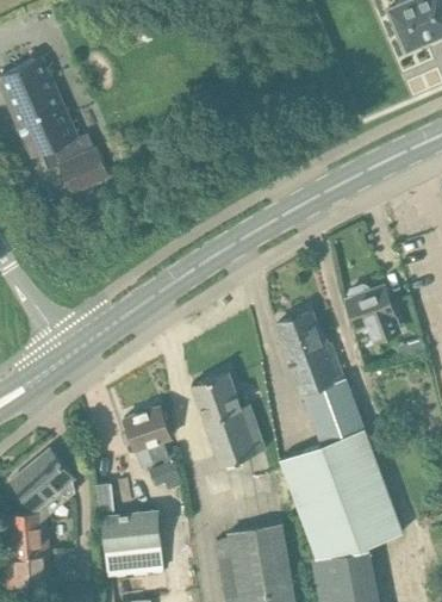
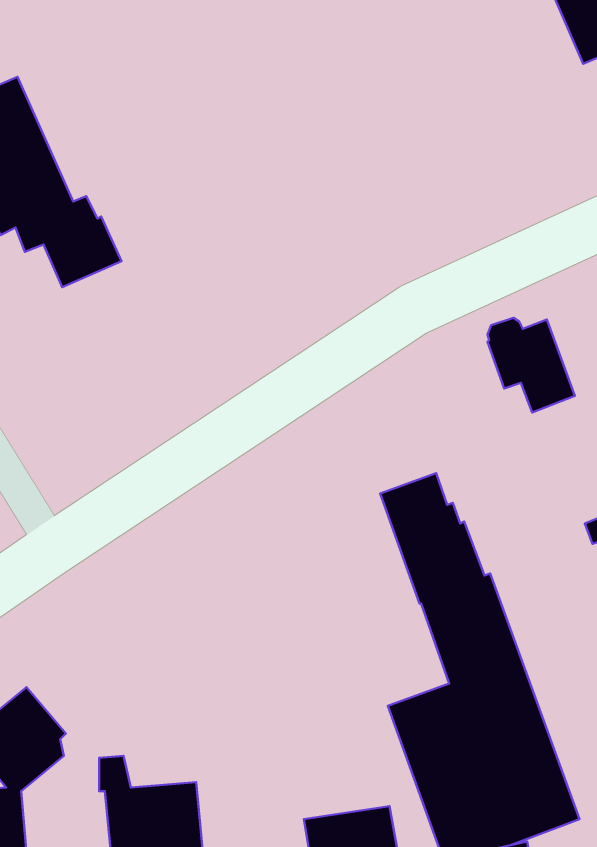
building: [347,285,403,346] -> [487,318,575,413]
building: [192,373,266,466] -> none
building: [124,406,182,491] -> none

